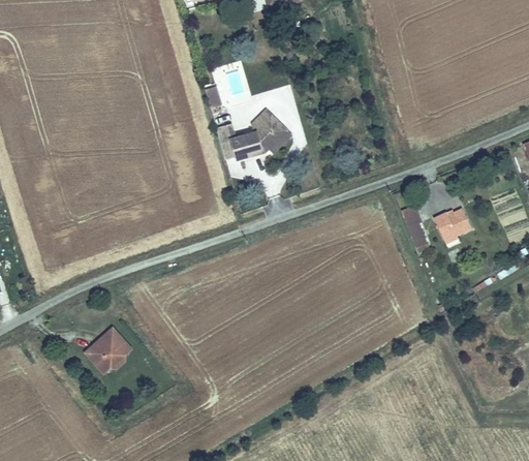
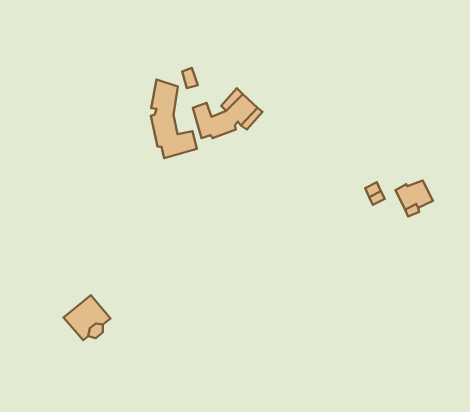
building: none -> [151,79,197,158]

